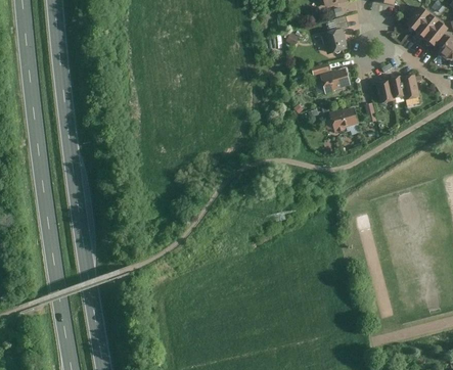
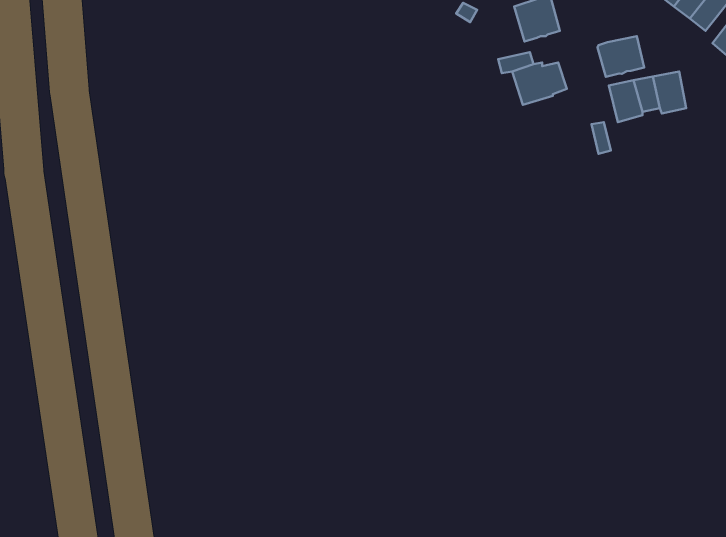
building: none -> [598,36,644,77]
building: [325,105,359,130] -> none

